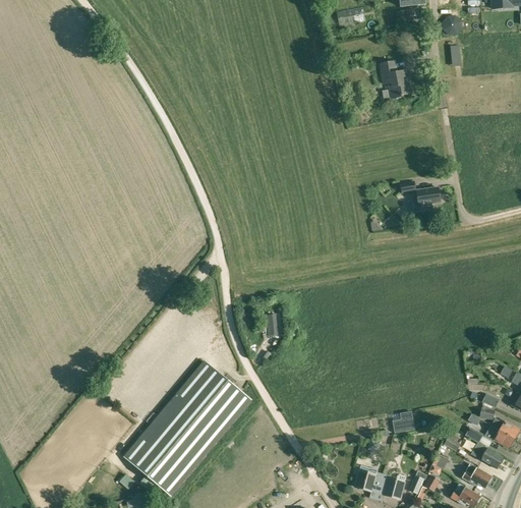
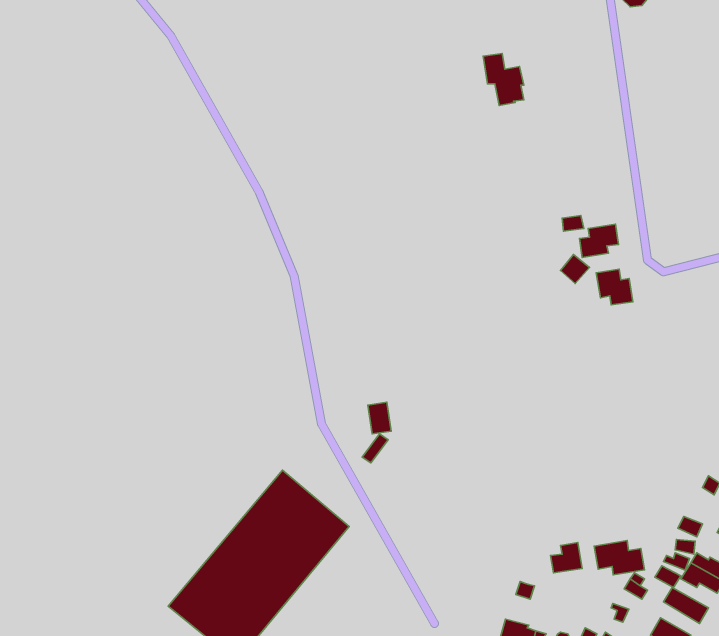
building: [381,61,409,98] -> [483,53,524,106]
building: none -> [596,269,633,305]
building: none -> [594,541,644,575]

